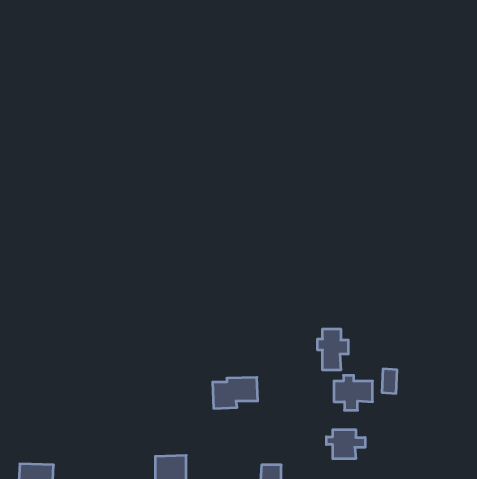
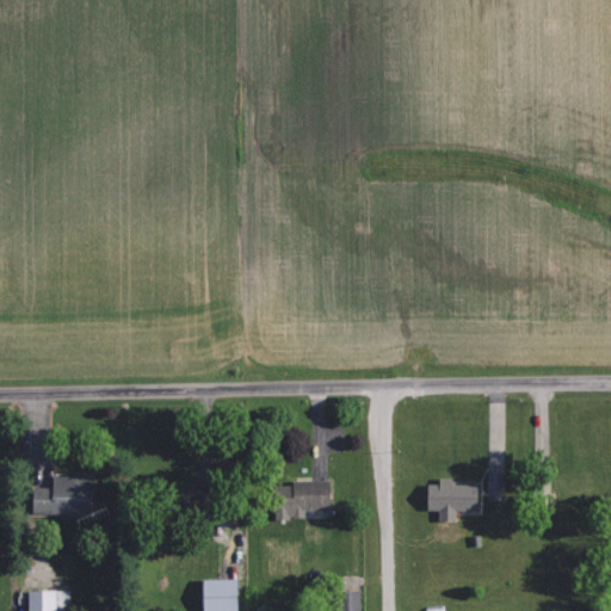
building: [318,329,348,370] -> none
building: none -> [32,477,93,516]
building: [326,430,365,459] -> none

